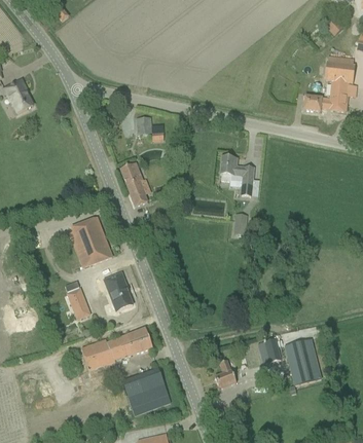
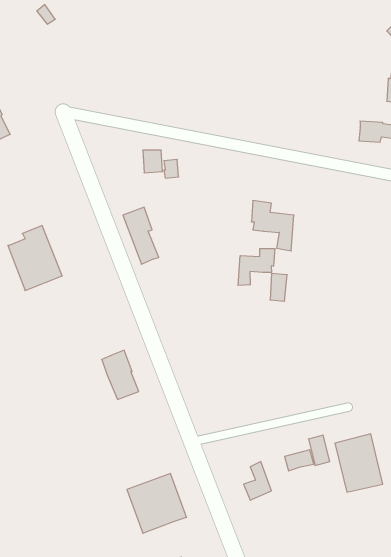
building: none -> [238,249,275,285]
building: [70,217,112,267] -> [8,226,62,291]
building: [66,287,90,320] -> none
building: [81,327,152,370] -> none

